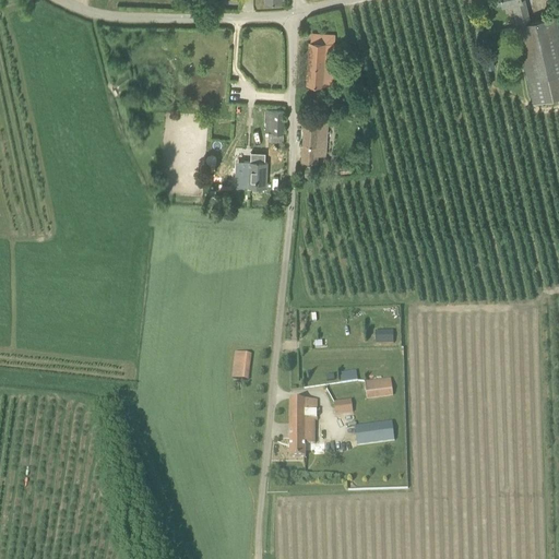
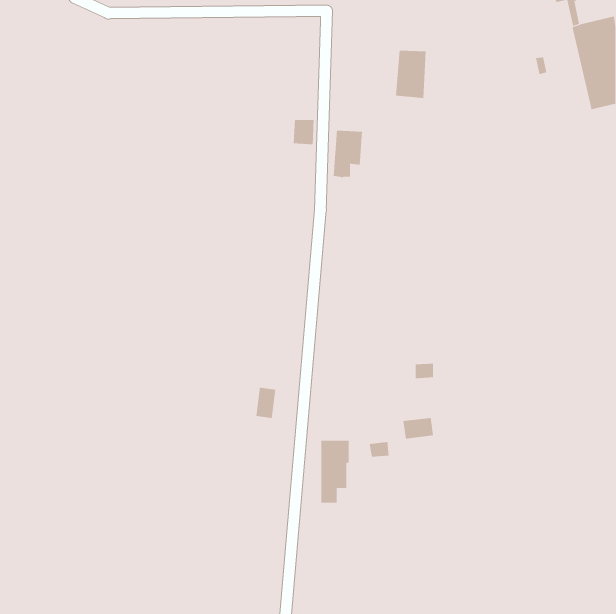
building: [307,40,335,84] -> [395,50,427,98]
building: [243,159,266,186] -> none
building: [355,421,395,445] -> none

